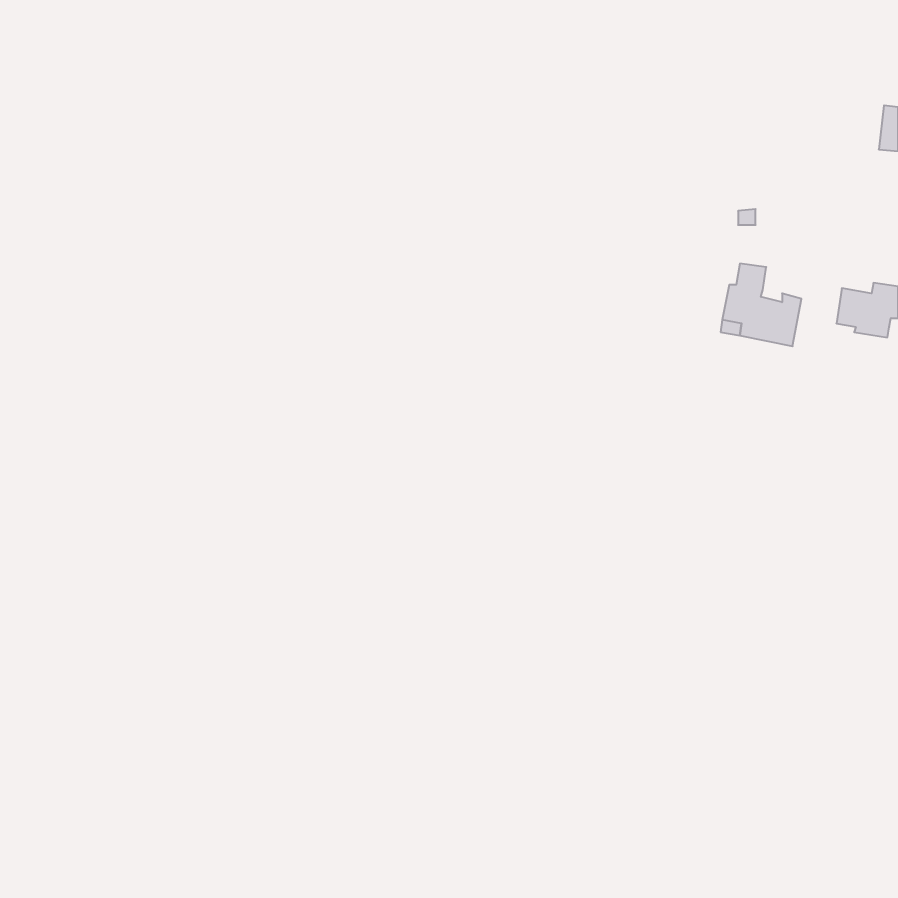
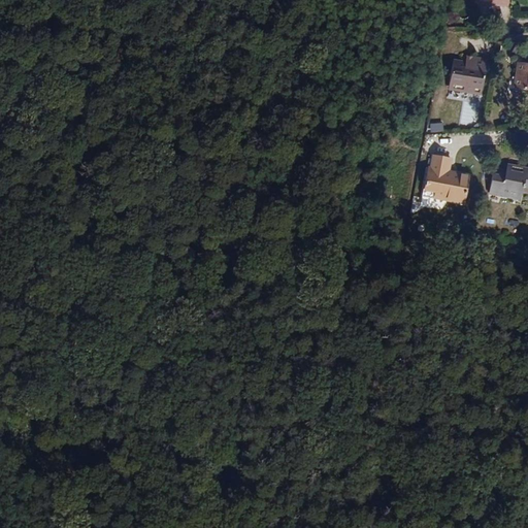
building: none -> [450,56,488,94]

